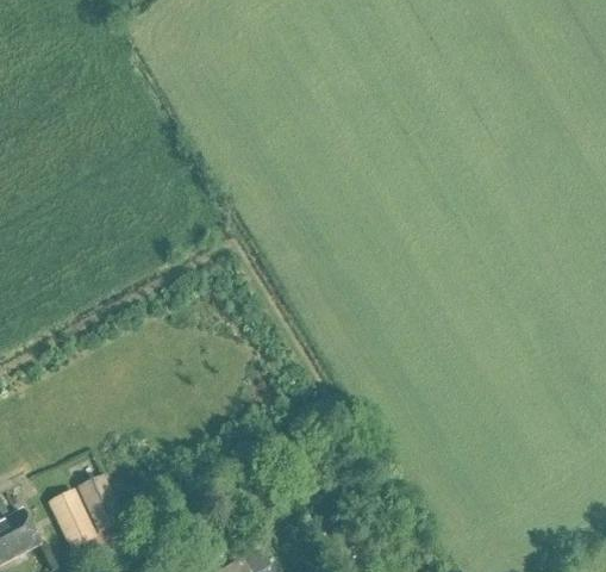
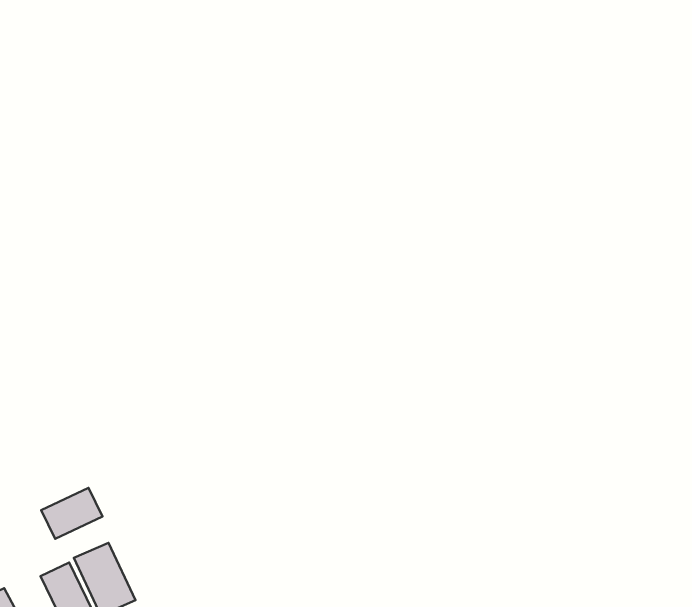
building: none -> [41,488,102,539]

